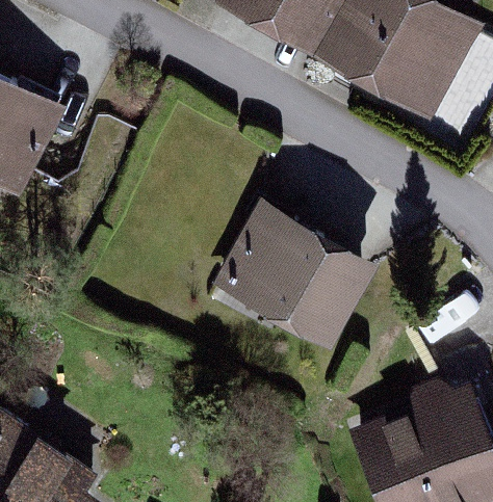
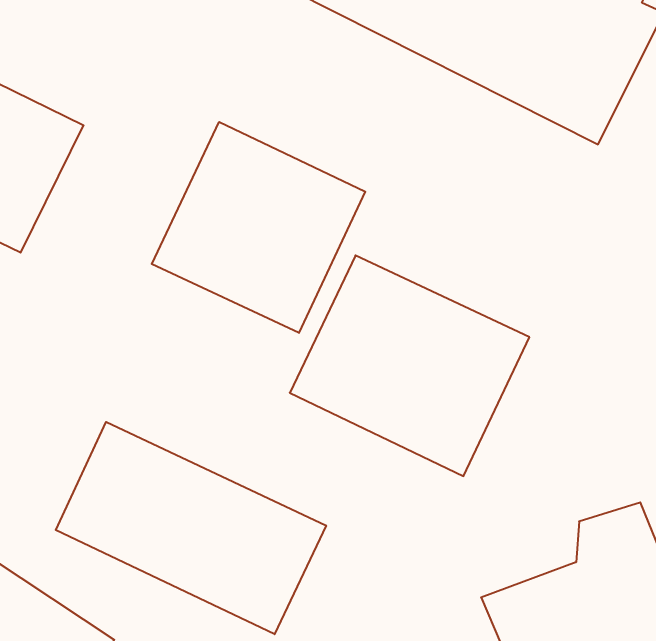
building: none -> [152,122,365,333]
building: none -> [56,422,326,634]

